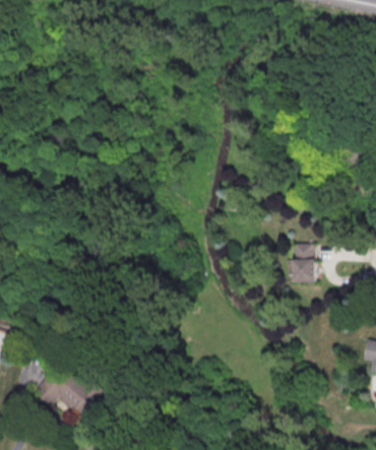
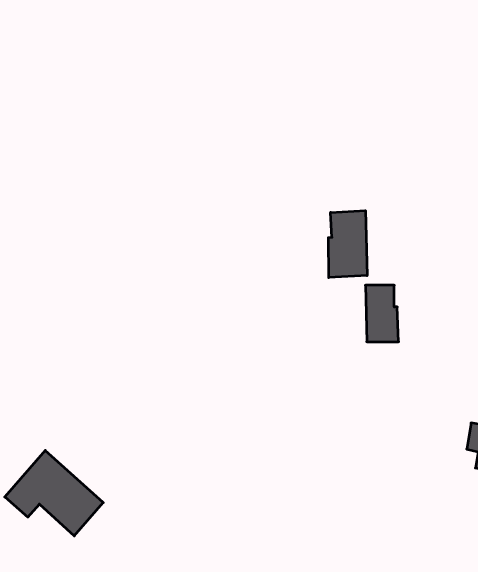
building: none -> [328,211,367,278]

